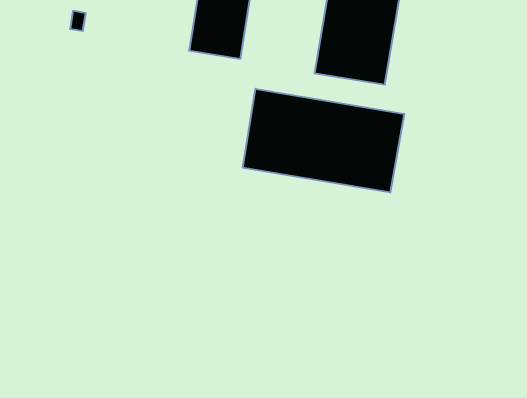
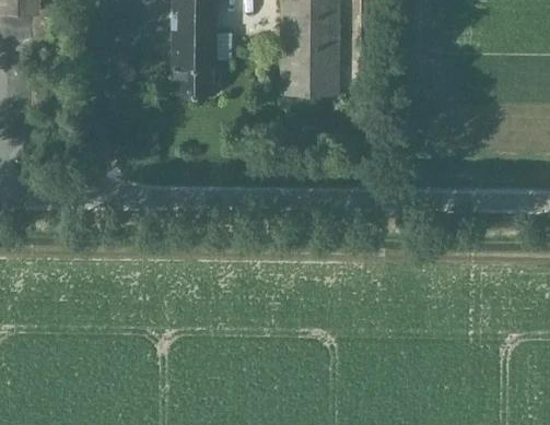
building: [243,89,404,193] -> none

